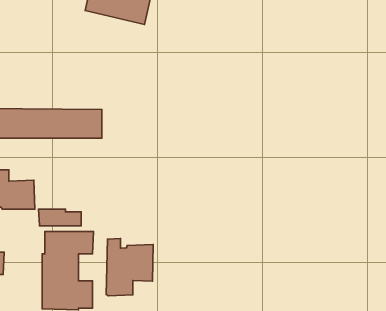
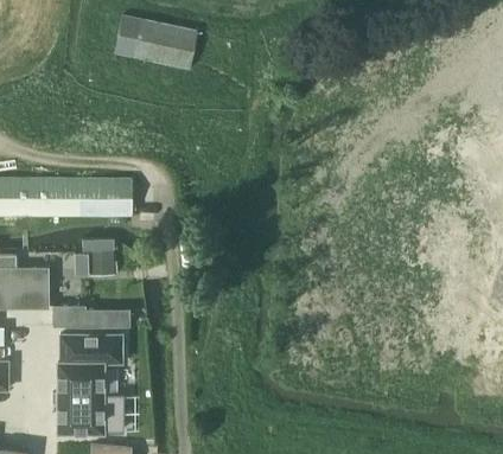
building: none -> [82,238,115,276]
building: [106,239,153,296] -> none

